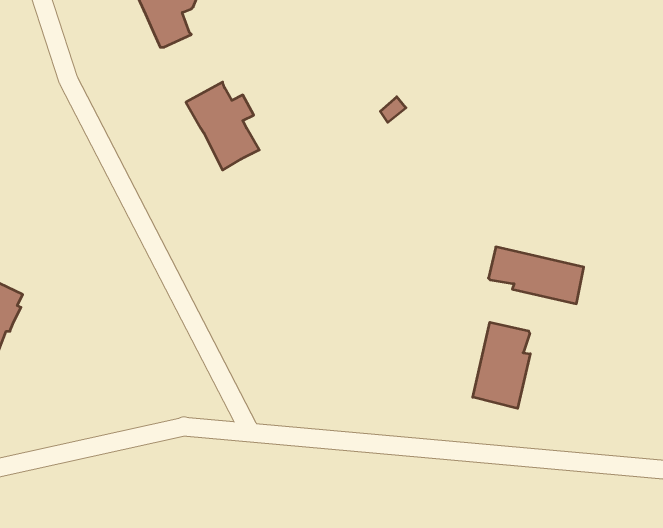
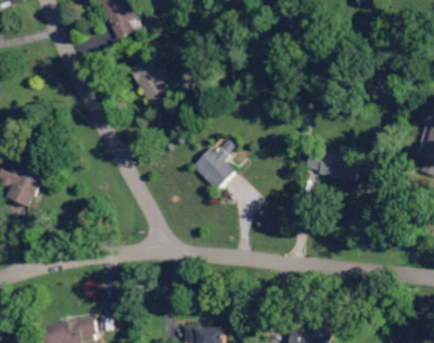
building: none -> [190,140,234,192]
building: [473,322,530,408] -> none

